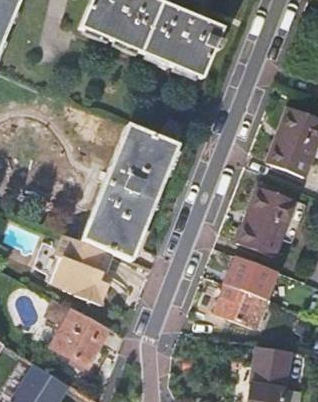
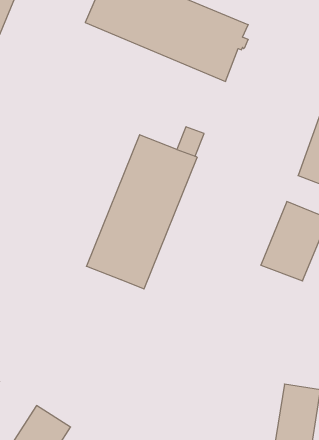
building: [51,236,111,307] -> none
building: [212,255,275,326] -> none
building: [51,309,107,367] -> none

